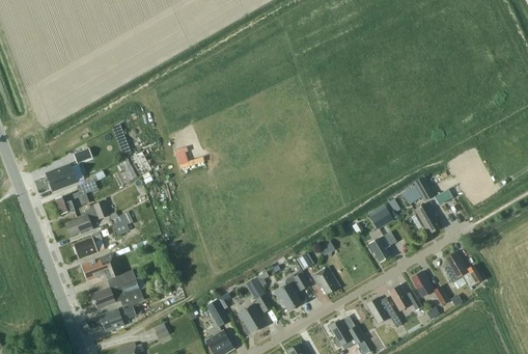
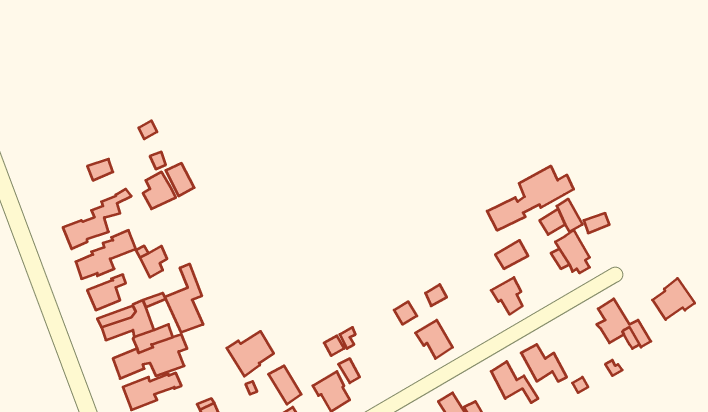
building: none -> [487,166,574,230]
building: [45,165,76,191] -> none
building: none -> [165,264,203,333]
building: none -> [652,278,695,320]
building: [411,271,448,305] -> none
building: [274,273,308,310] -> none
building: none -> [227,331,274,376]

